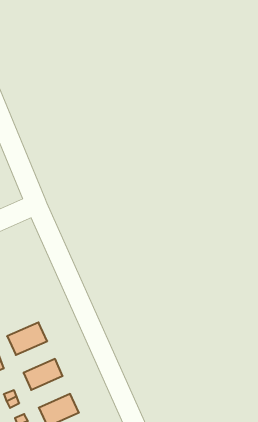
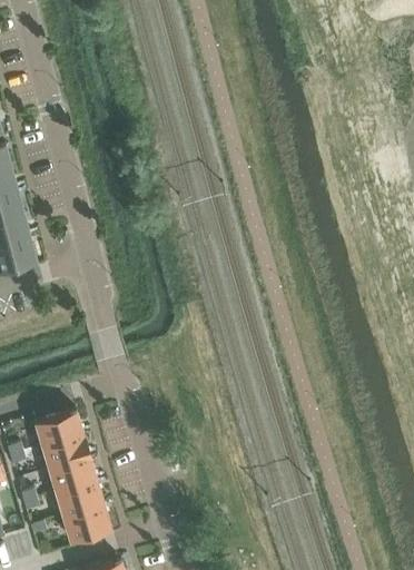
building: none -> [42,435,90,471]
building: none -> [56,481,104,517]

